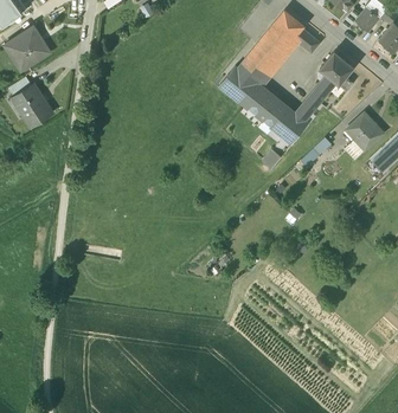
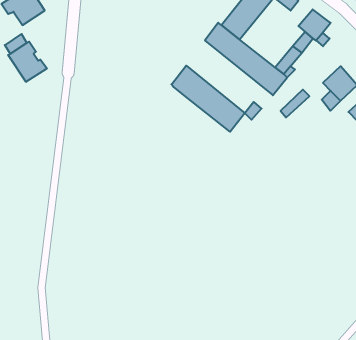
building: none -> [171,66,245,132]

